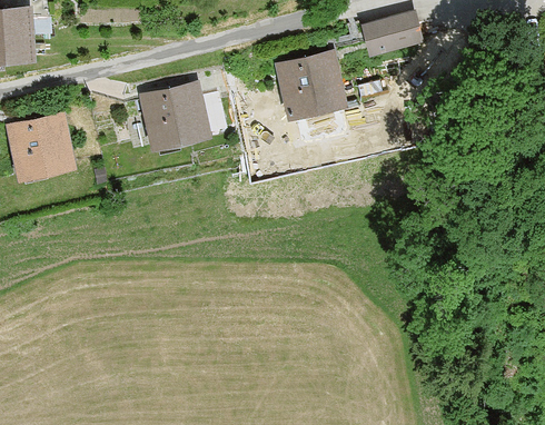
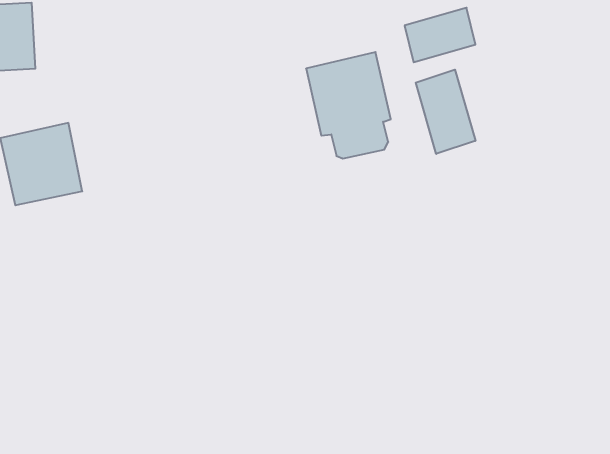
building: none -> [416,70,475,154]
building: [138,79,212,151] -> none

